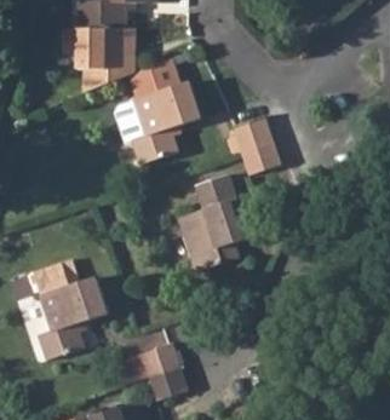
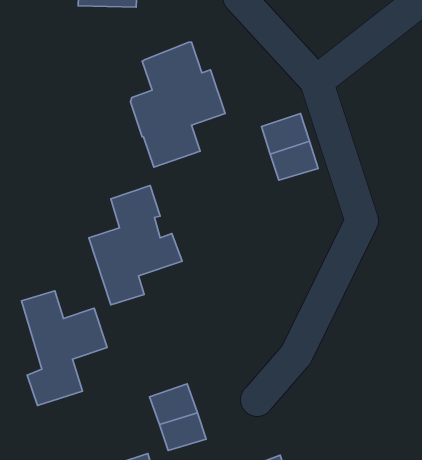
building: [65,27,137,92] -> none
building: [177,172,254,271] -> [89,186,182,305]

